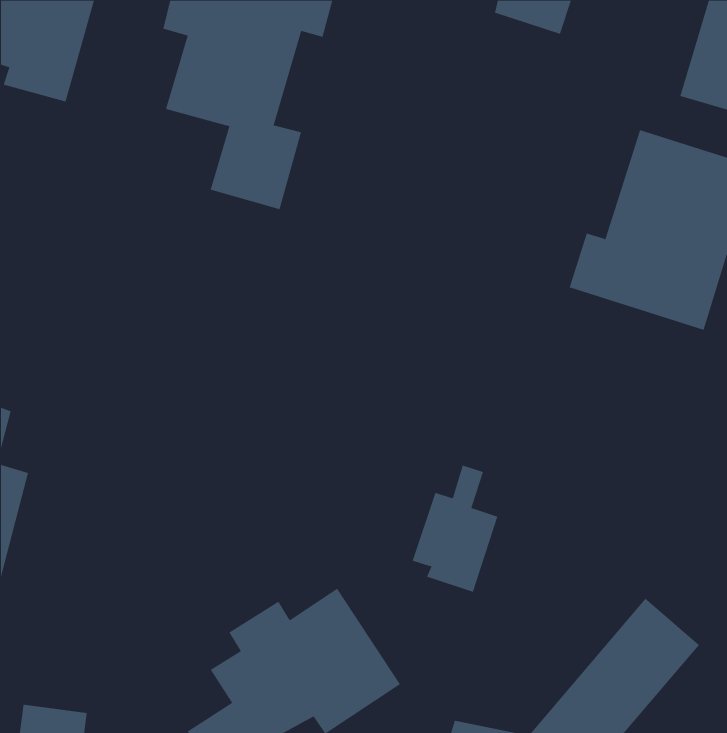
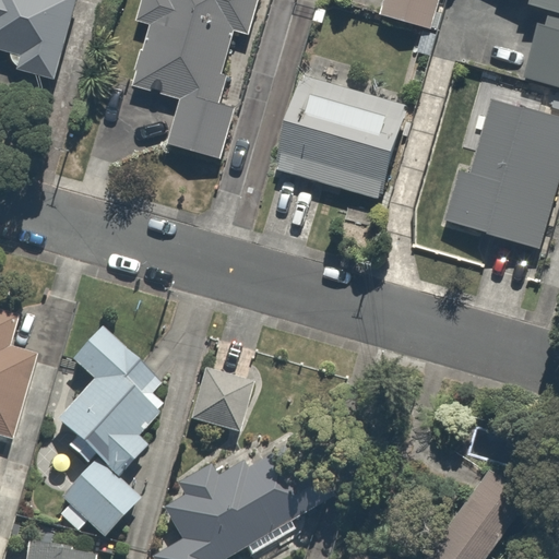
building: none -> [282,74,407,194]
building: none -> [50,322,164,537]
building: [412,465,498,593] -> [189,345,254,442]

